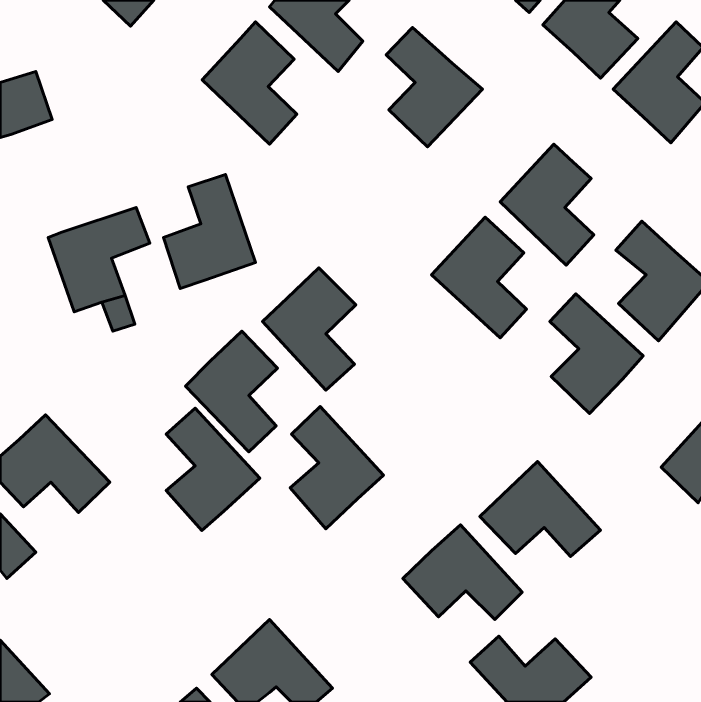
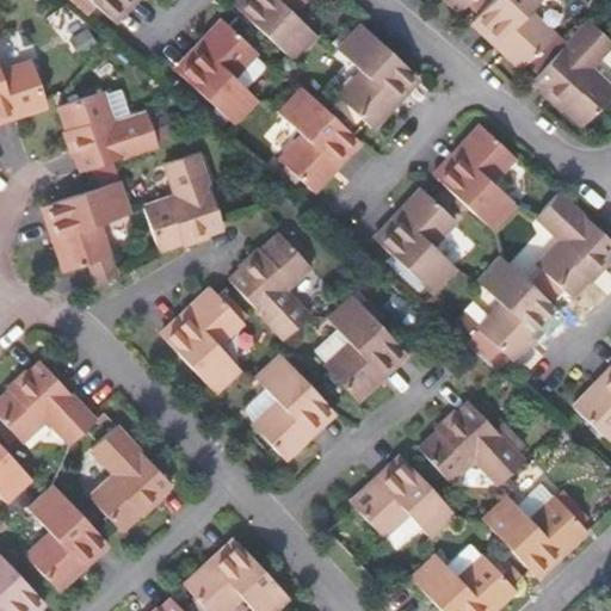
building: none -> [277,86,360,191]
building: none -> [60,91,158,171]
building: none -> [325,295,406,400]
building: [166,408,260,530] -> [91,425,172,531]
building: none -> [27,483,109,590]
building: none -> [481,494,586,576]

